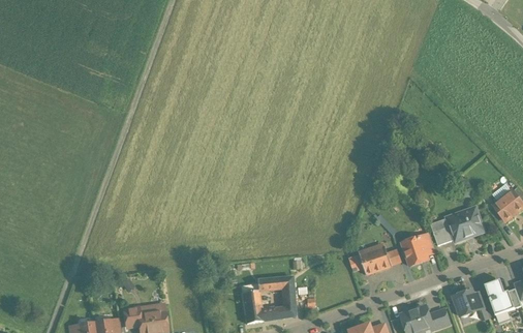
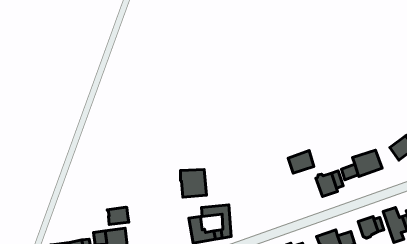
building: none -> [180,170,206,197]
building: [360,245,392,273] -> [288,151,314,173]
building: none -> [107,207,129,225]

